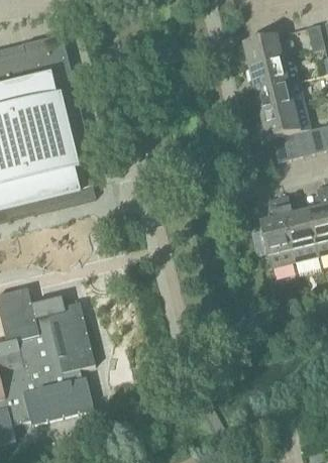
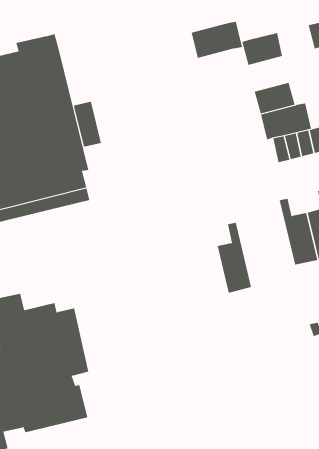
building: [248,53,299,90] -> [191,21,243,58]
building: none -> [73,101,102,148]
building: [259,196,294,265] -> [217,222,252,293]

